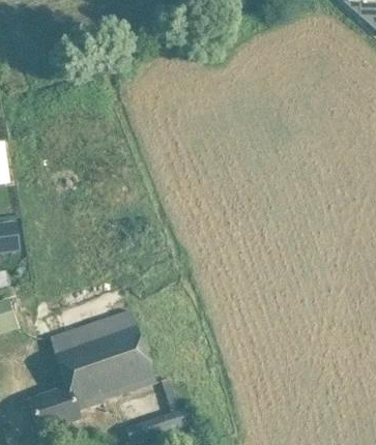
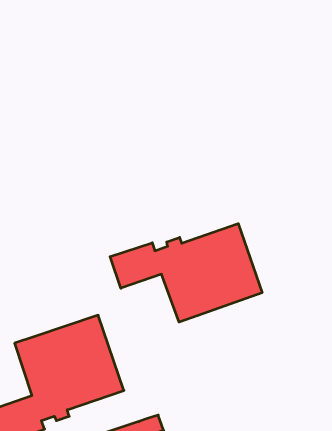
building: none -> [110,224,262,322]

